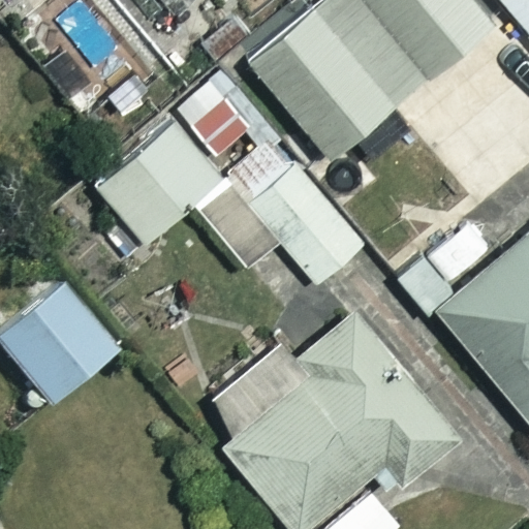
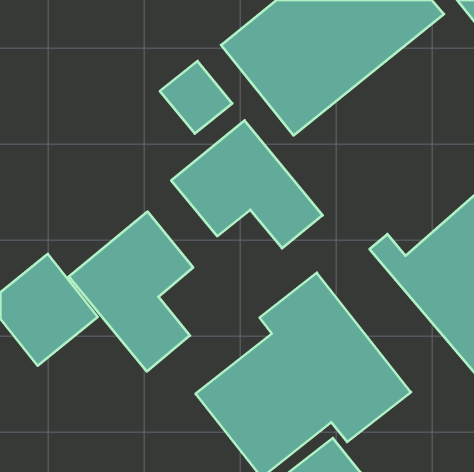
building: [96,119,220,240] -> none
building: none -> [69,212,193,371]

